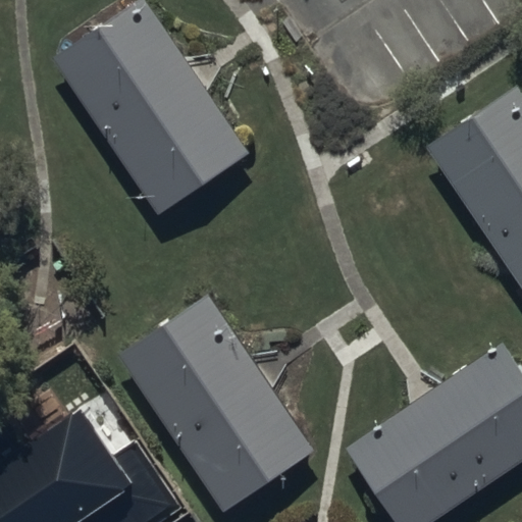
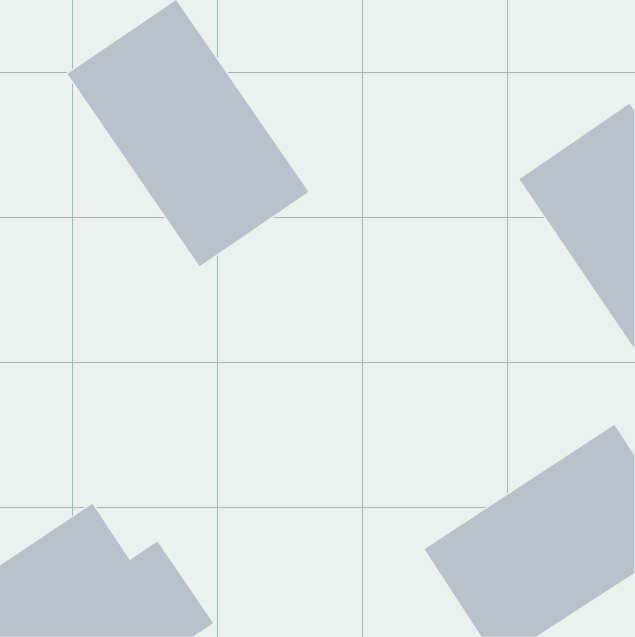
building: [119,295,317,514] -> none

